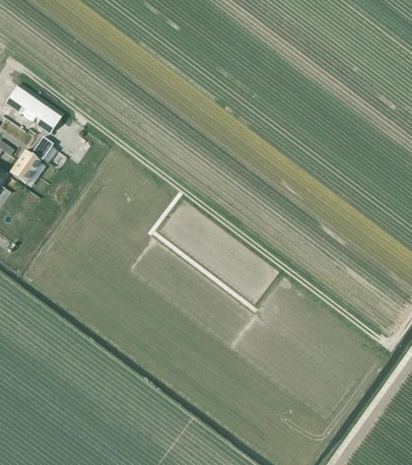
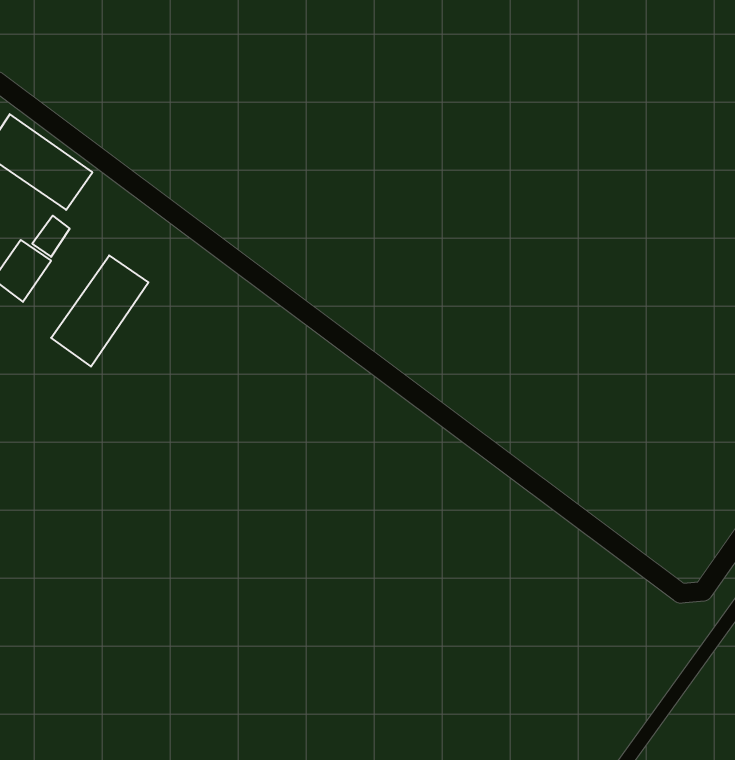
building: none -> [51,255,148,367]

